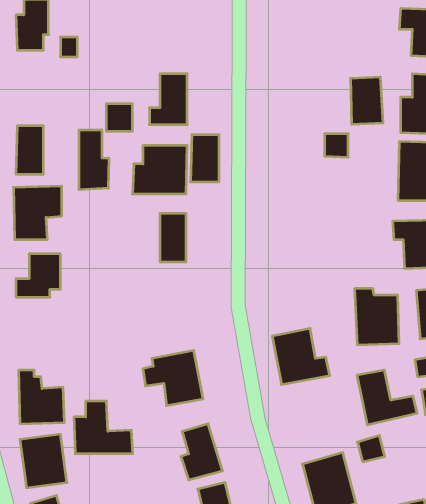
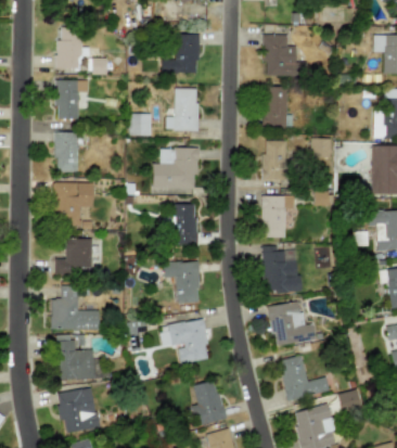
building: none -> [162,34,200,73]
building: none -> [265,34,296,76]
building: none -> [56,79,89,118]
building: [350,77,383,124] -> [261,88,289,127]
building: [79,130,109,190] -> none
building: [190,135,219,182] -> [262,140,286,179]
building: none -> [262,194,295,236]
building: none -> [164,260,200,303]
building: [355,289,399,345] -> [262,245,299,292]
building: [357,370,417,425] -> [279,355,329,400]
building: [74,401,133,454] -> [51,285,100,329]

